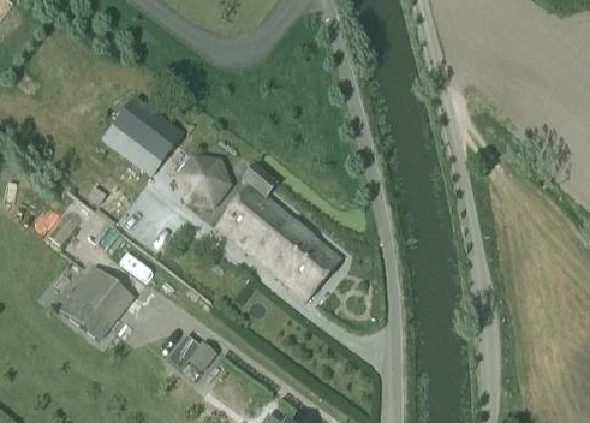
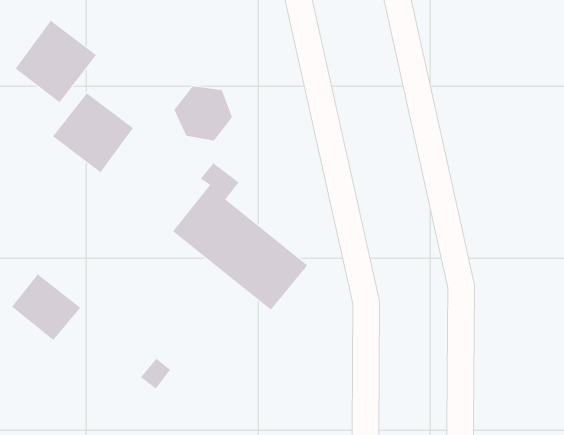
building: none -> [15,20,97,103]
building: [174,155,228,205] -> [174,86,233,141]

